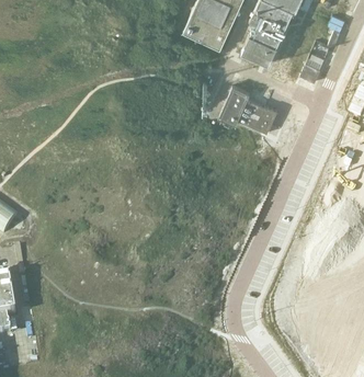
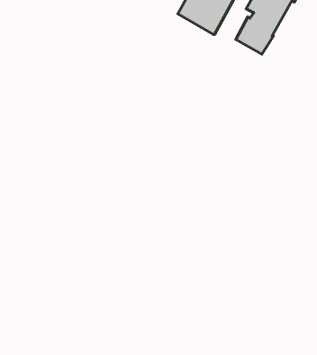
building: [218,87,277,135] -> none

